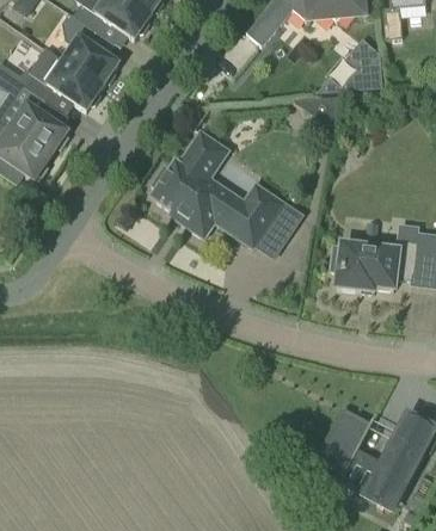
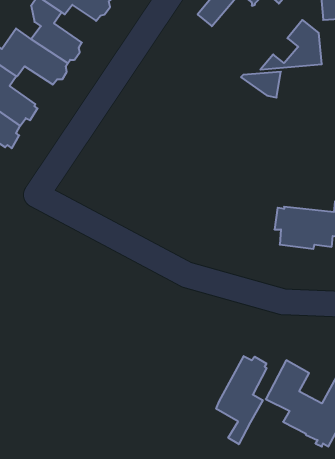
building: [152,130,301,246] -> none
building: none -> [216,356,267,444]

